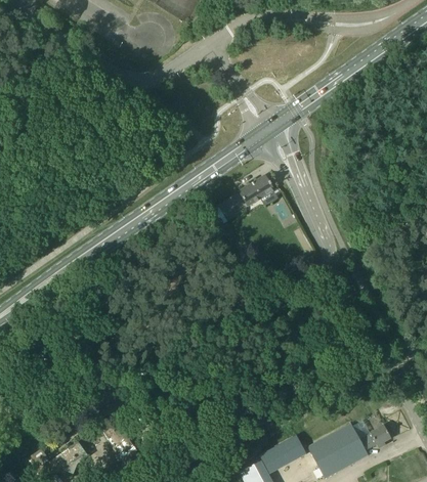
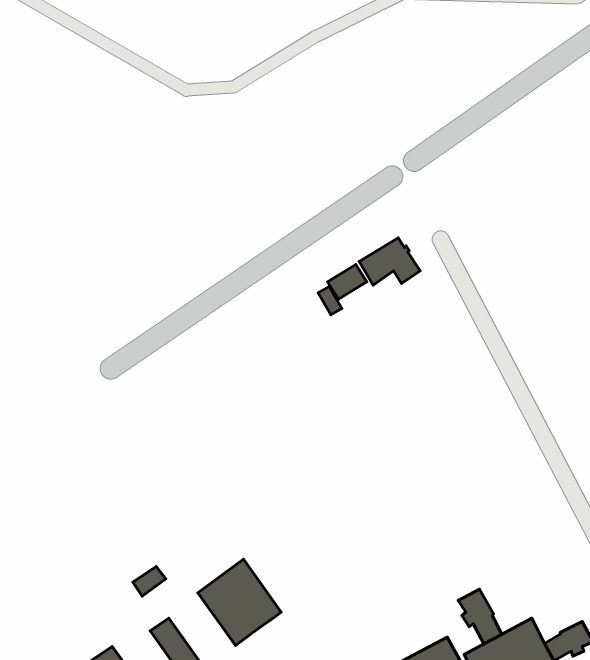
building: none -> [198,559,281,646]
building: none -> [458,589,502,644]

